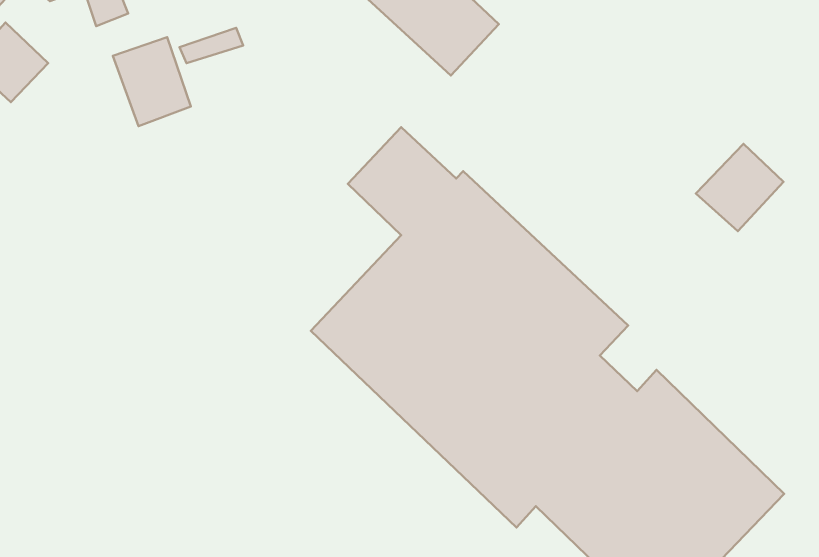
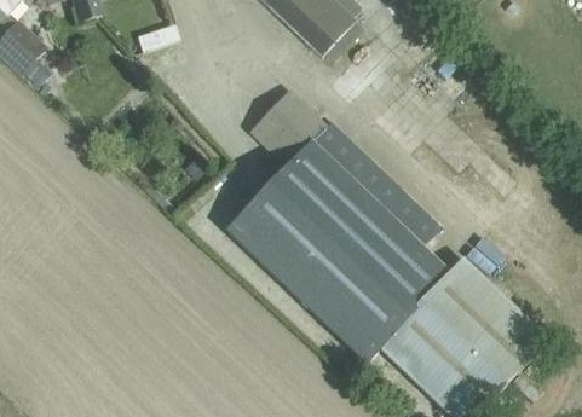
building: [113,37,191,126] -> none
building: [696,144,783,231] -> none

